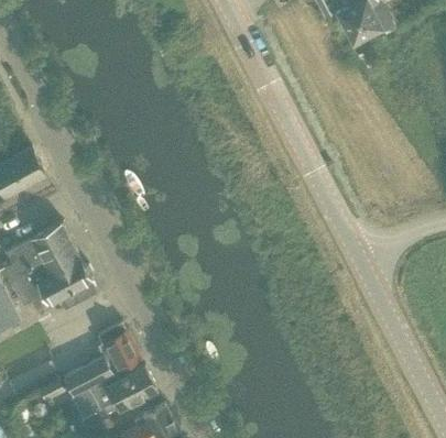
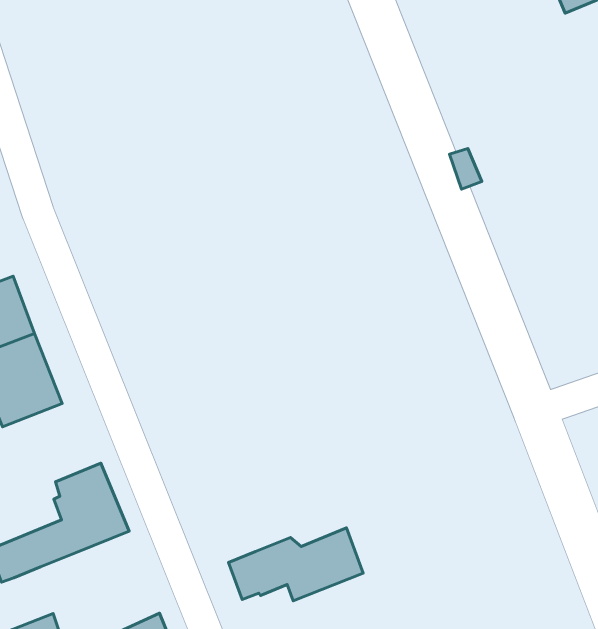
building: [79,368,155,414] -> [229,528,363,601]

